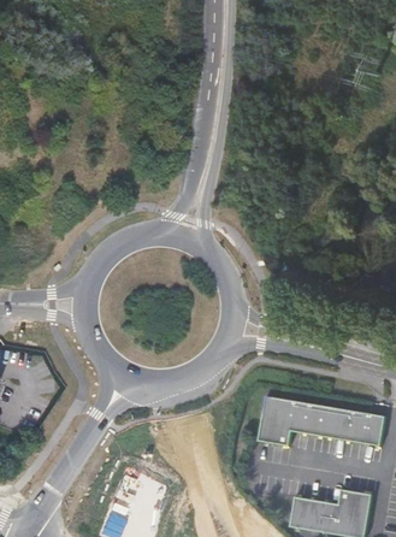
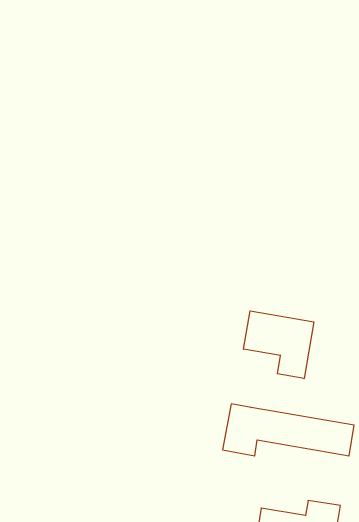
building: none -> [243,311,314,379]

